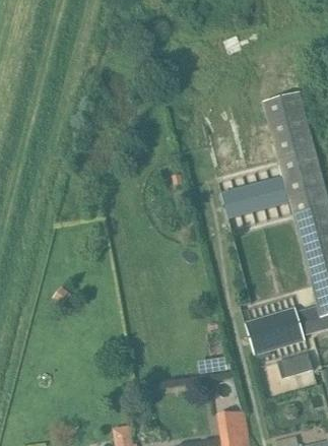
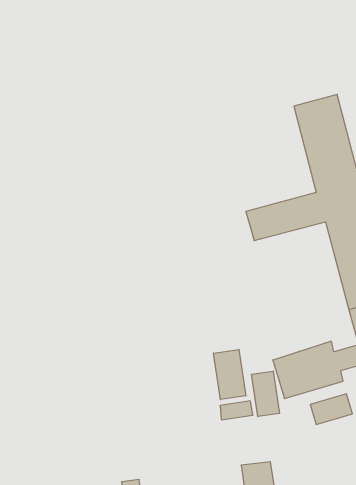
building: none -> [214,349,246,400]
building: none -> [252,371,280,417]

